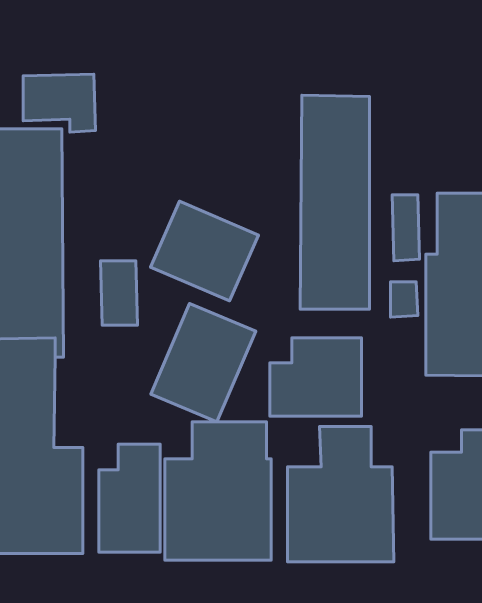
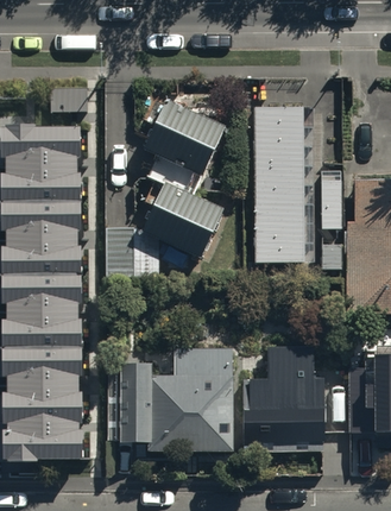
building: none -> [144,100,223,193]
building: [151,304,256,422] -> none
building: [270,338,361,416] -> none

